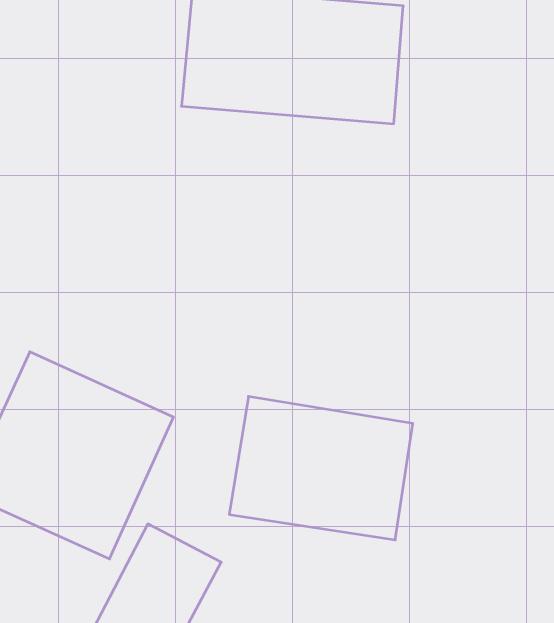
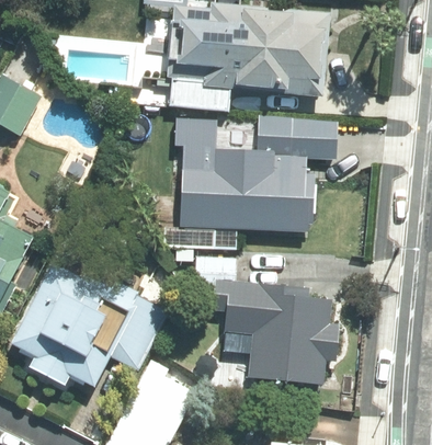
building: none -> [174,135,309,219]

